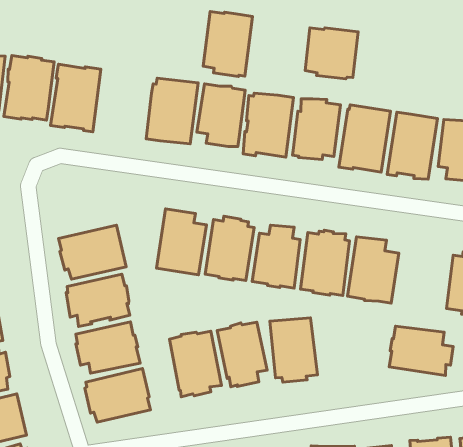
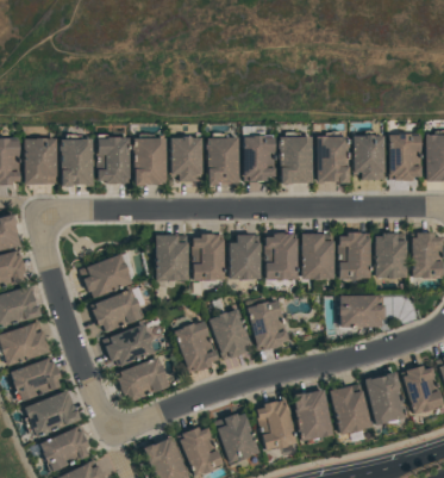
building: [203,11,253,77] -> [96,137,130,184]
building: [305,28,358,79] -> none
building: none -> [338,232,371,279]

